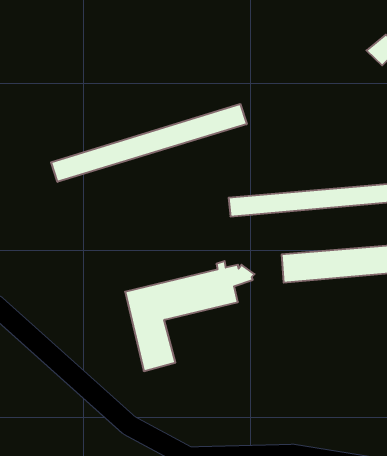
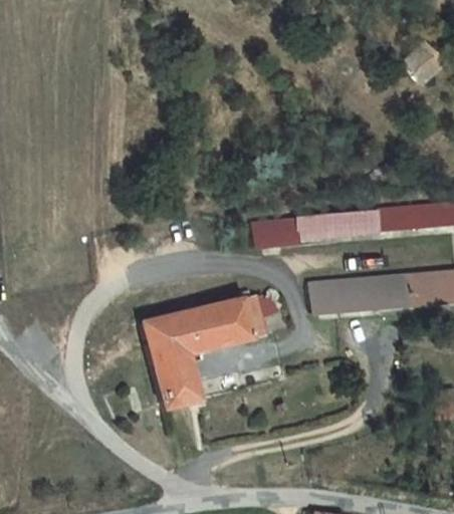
building: [51,104,247,182] -> none

